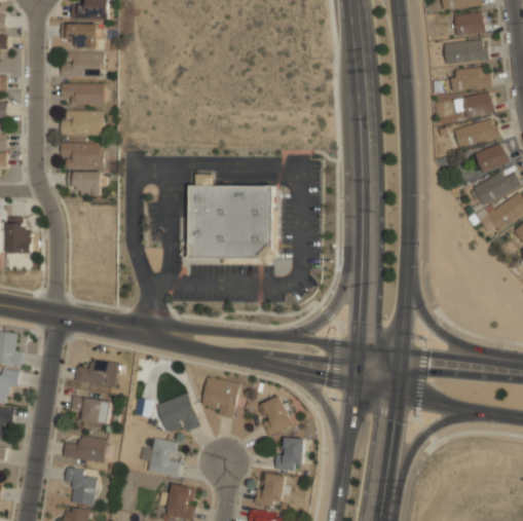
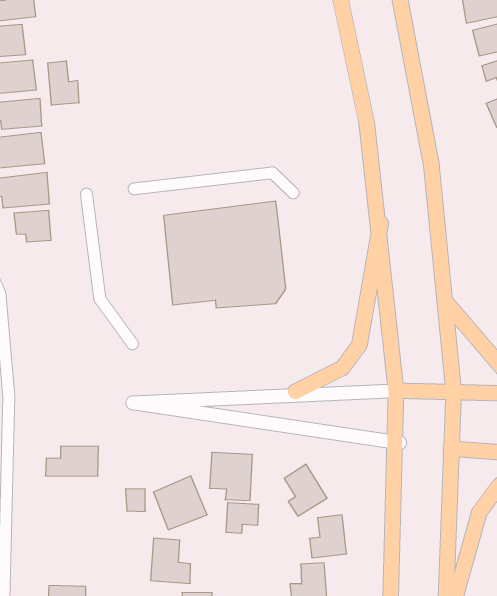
building: none -> [48,61,79,105]
building: [70,395,109,423] -> none
building: none -> [226,503,259,533]
building: [63,436,107,462] -> none

